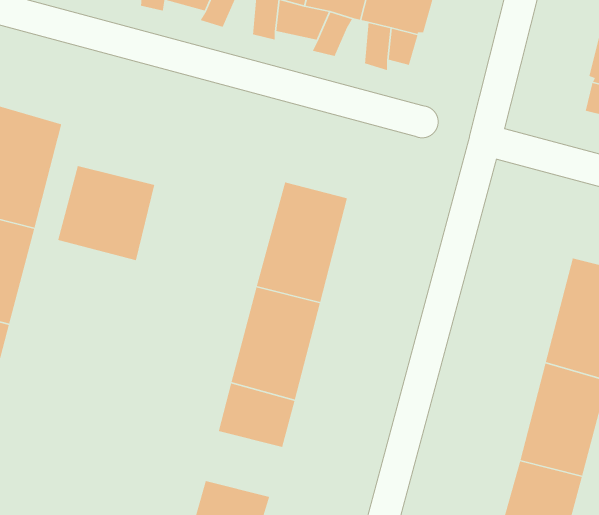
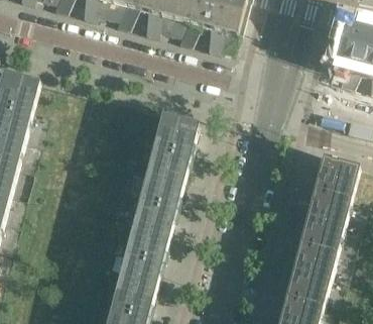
building: [57,165,155,261] -> none
building: none -> [117,255,160,292]

